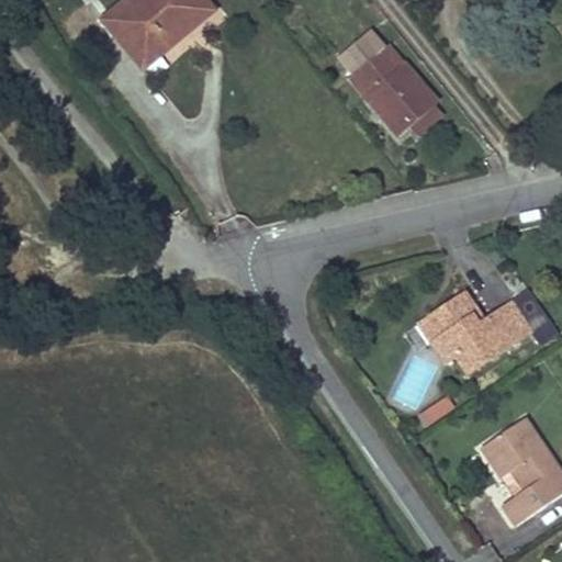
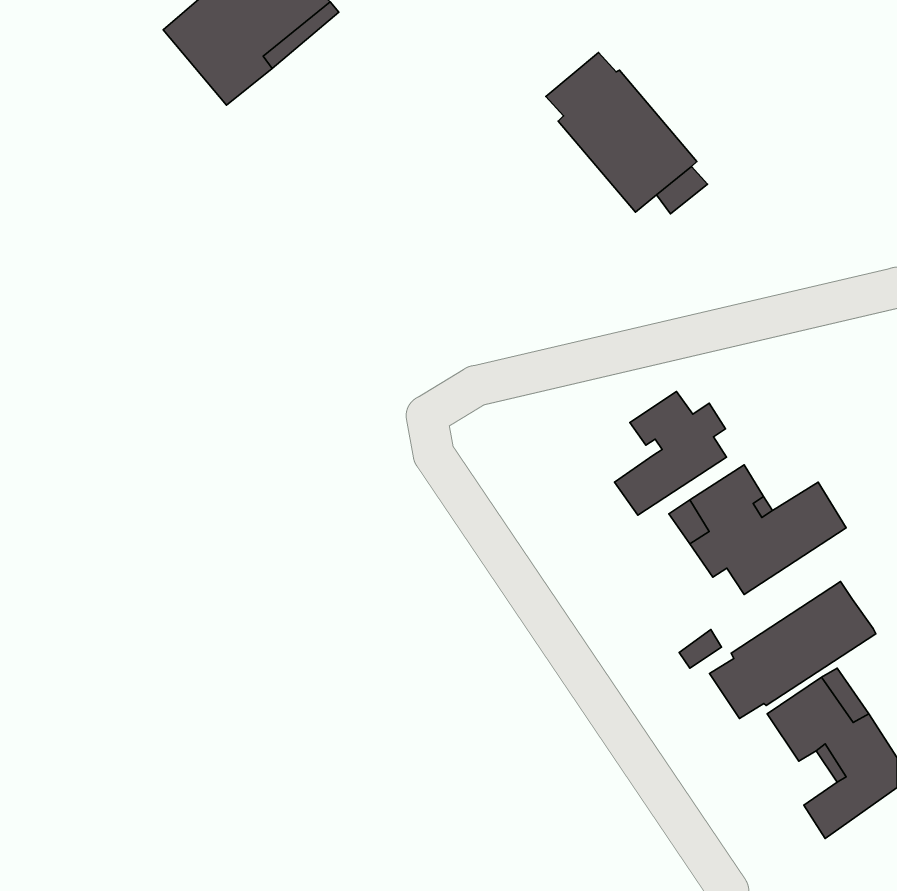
building: none -> [615,391,726,515]
building: none -> [709,582,876,718]

